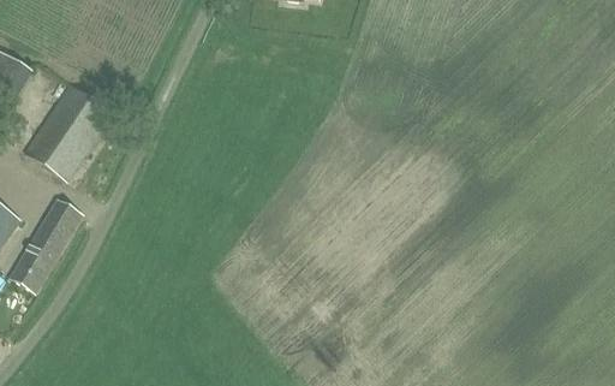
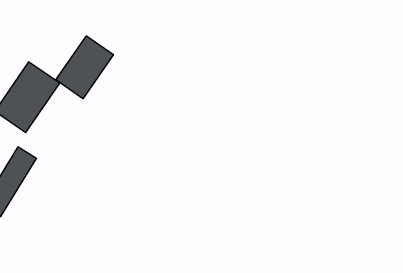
building: none -> [56,36,113,99]

